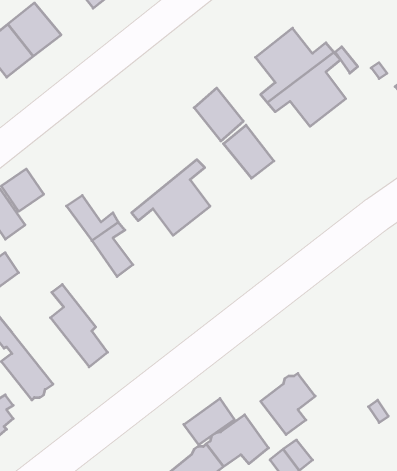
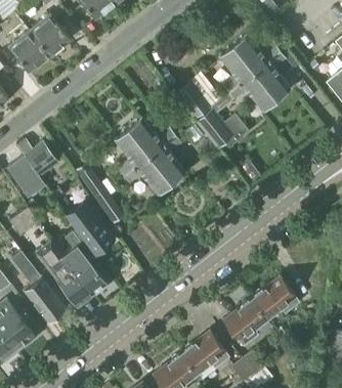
building: none -> [115,119,174,177]
building: none -> [66,204,113,256]
building: none -> [38,248,91,307]
building: none -> [252,278,300,318]
building: [184,398,234,445] -> none

